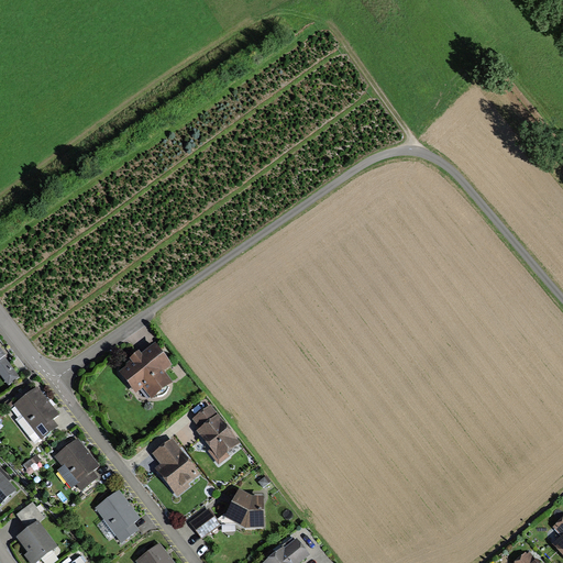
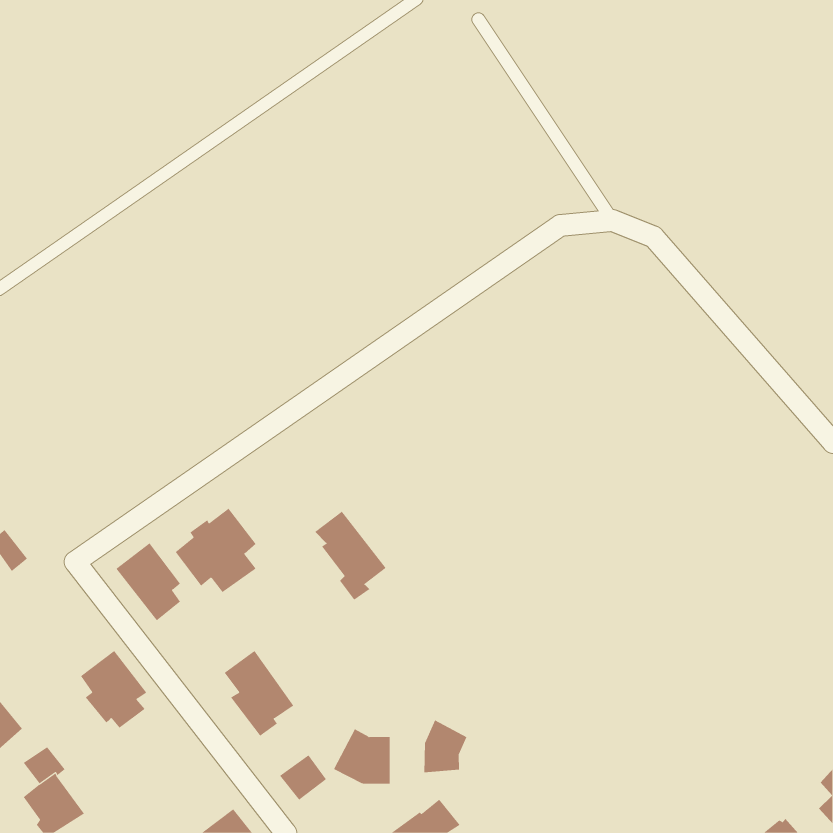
building: [13,387,57,440] -> [116,543,181,621]
building: [191,405,240,465] -> [315,511,386,601]
building: none -> [424,719,467,773]
building: [95,490,139,543] -> none

